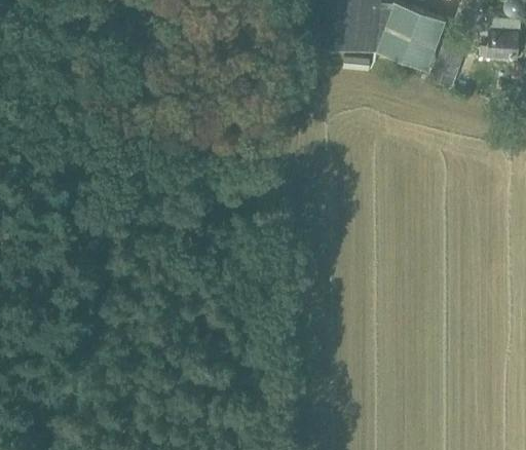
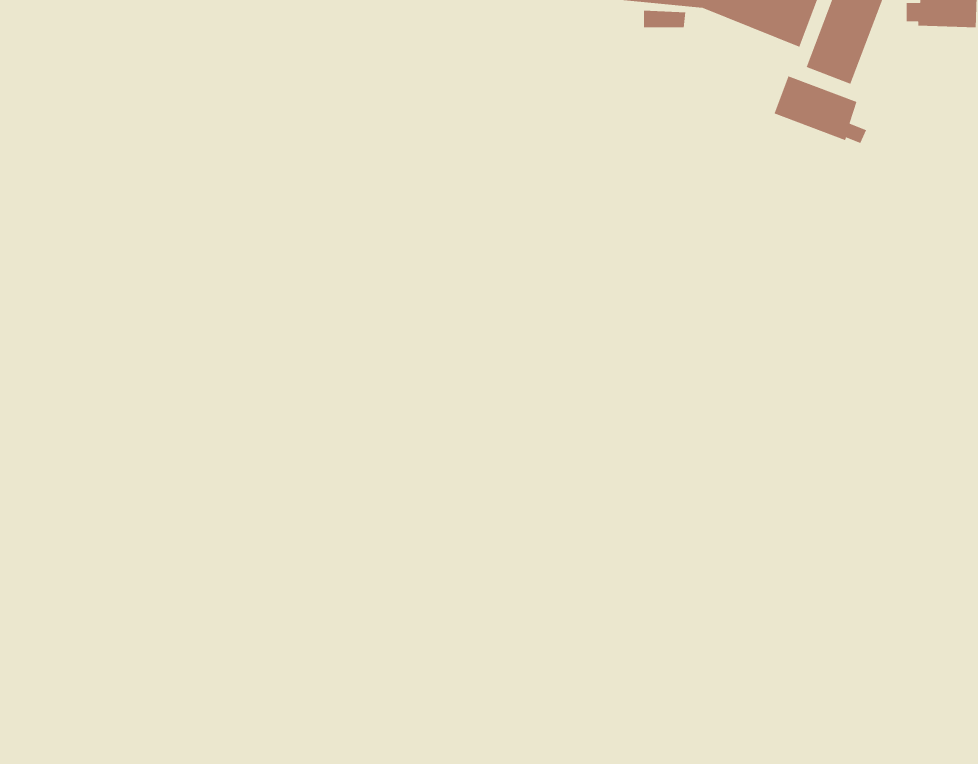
building: none -> [774,75,867,144]

